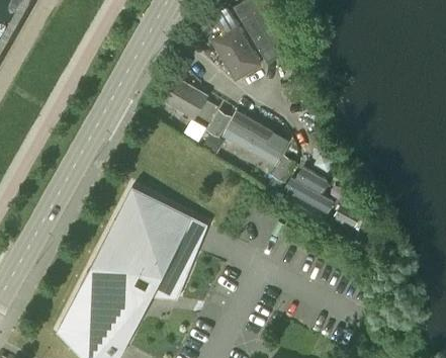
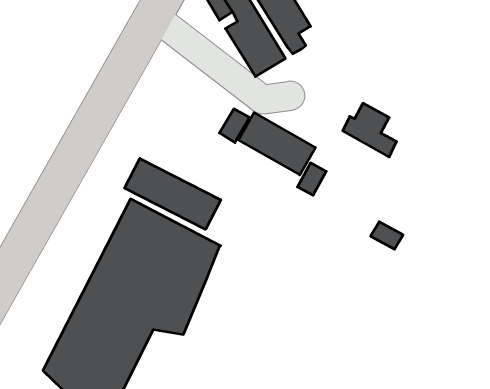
building: [159,77,208,121] -> none
building: none -> [125,158,221,229]
building: [286,170,332,215] -> [343,103,397,157]

